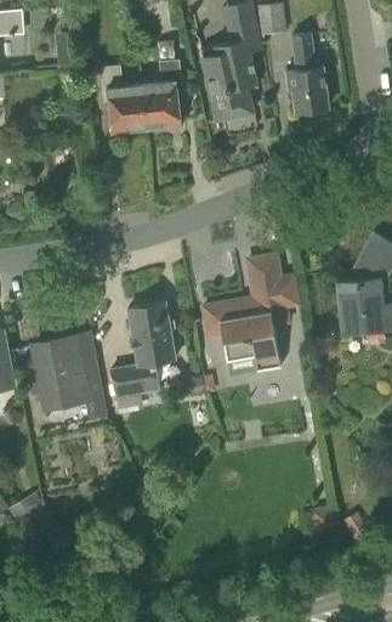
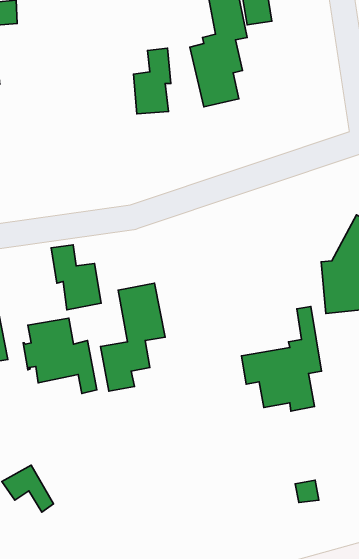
building: [285,32,328,112] -> none
building: [100,64,147,131] -> none
building: [204,255,286,363] -> [242,307,321,411]
building: none -> [51,245,101,310]

